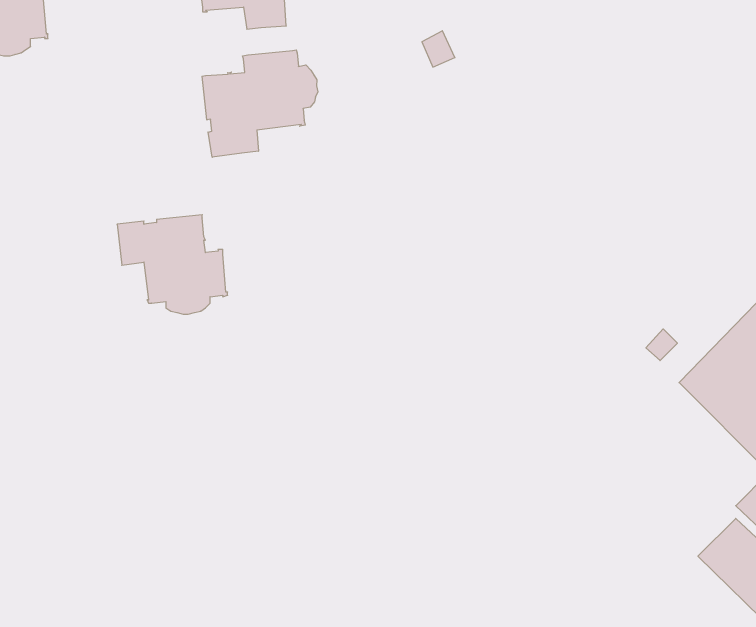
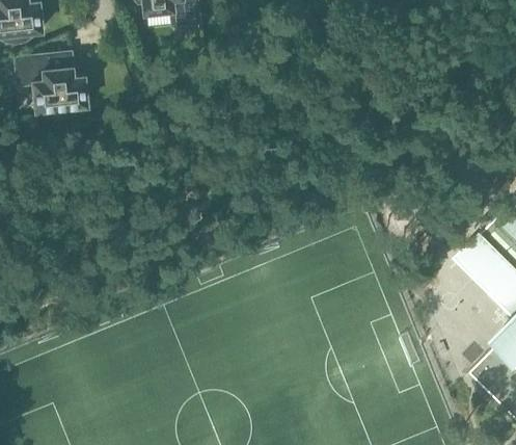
building: [202,50,318,157] -> none
building: [117,215,228,314] -> [16,52,88,117]

